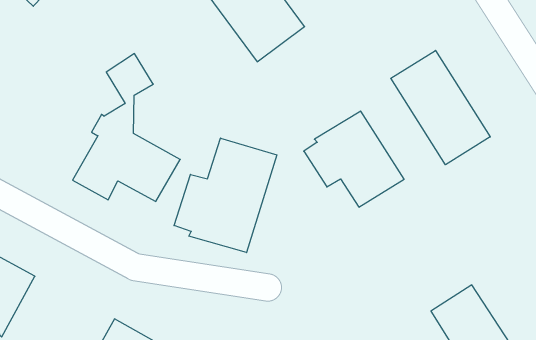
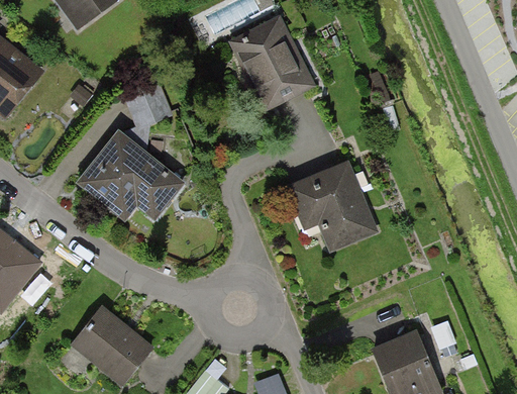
building: [391,50,490,165] -> none
building: [174,138,277,253] -> none

